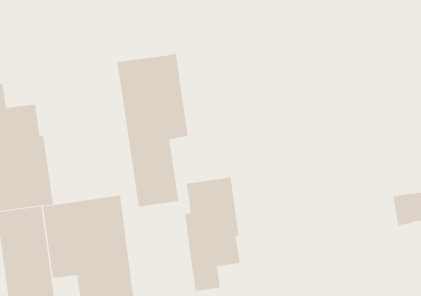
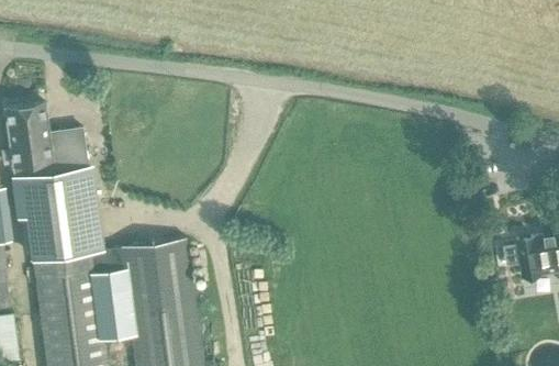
building: [117,53,188,207] -> none
building: [184,176,240,291] -> none

